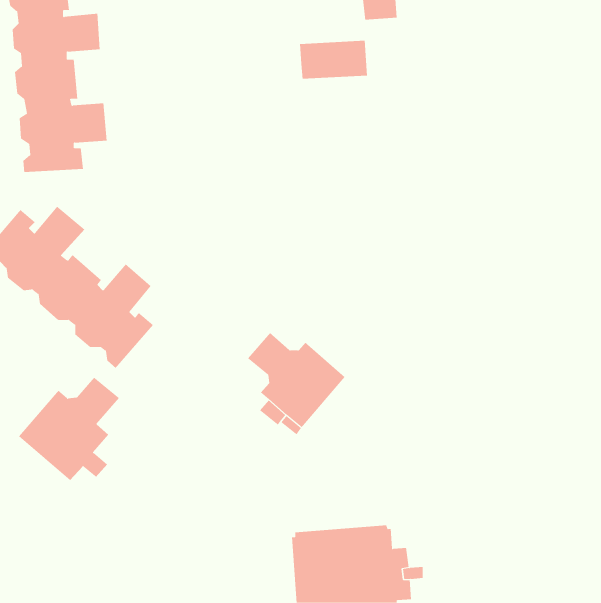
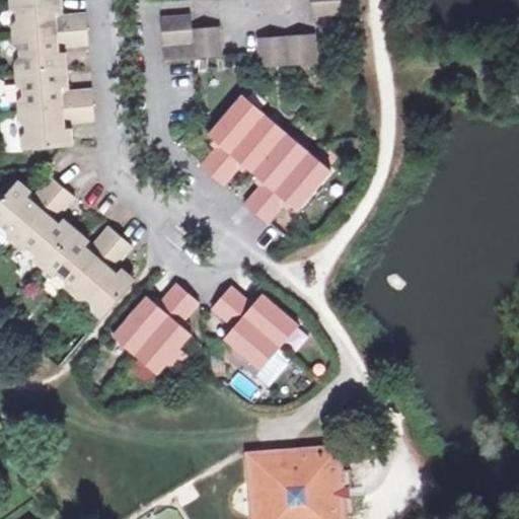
building: none -> [160,15,223,62]
building: none -> [203,96,327,222]
building: [18,377,120,481] -> [110,283,198,372]

